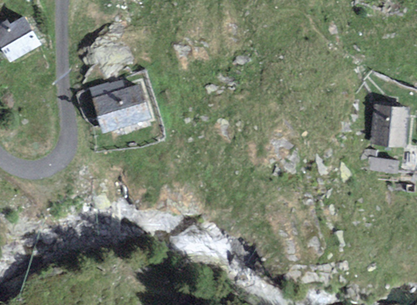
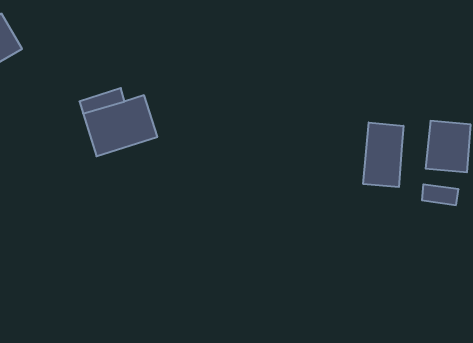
building: none -> [363,122,403,187]

